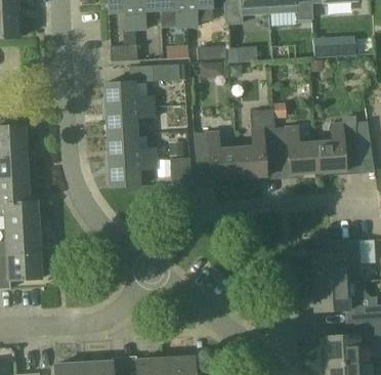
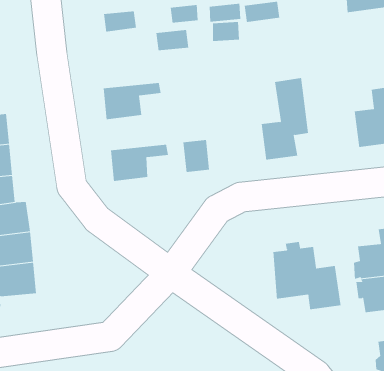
building: [103,81,154,109] -> none
building: [274,125,318,174] -> none
building: [194,131,239,180] -> none
building: [107,133,157,161] -> none
building: none -> [273,241,341,310]

